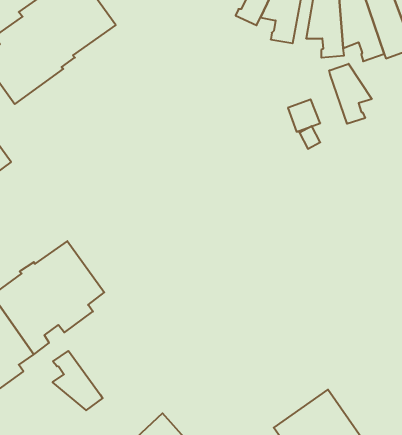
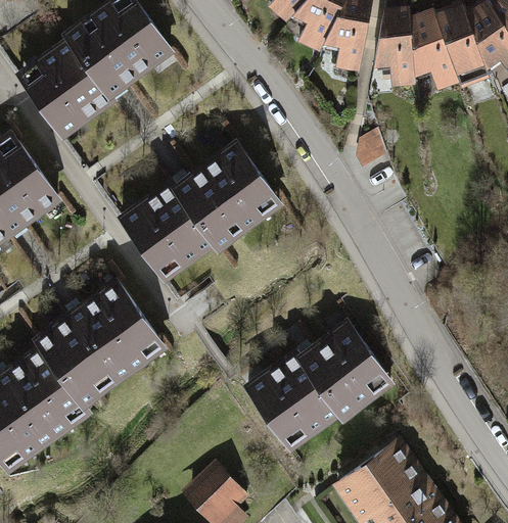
building: [329,64,372,124] -> none
building: none -> [123,145,274,271]
building: none -> [248,324,386,439]
building: [53,351,103,410] -> none

